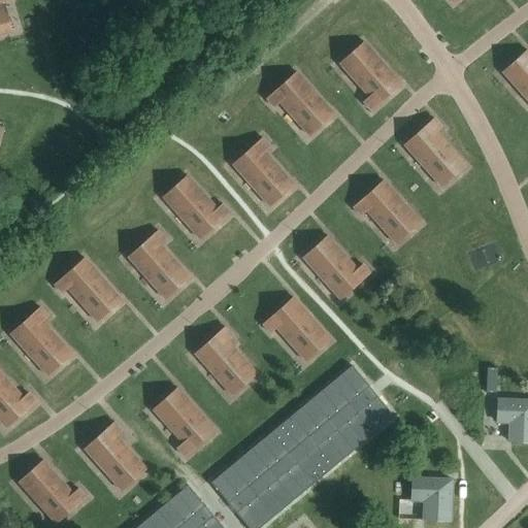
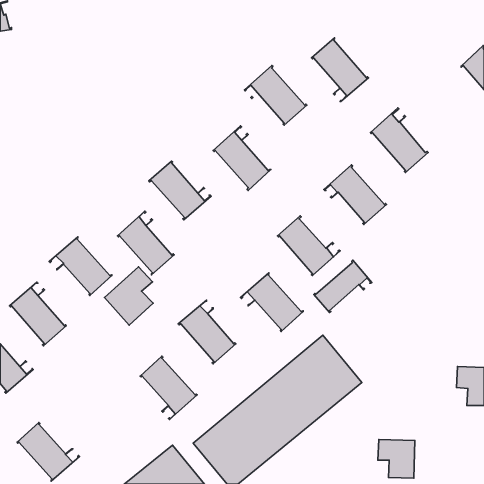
building: none -> [314,260,372,312]
building: none -> [104,267,153,325]
building: [84,422,146,491] -> none

